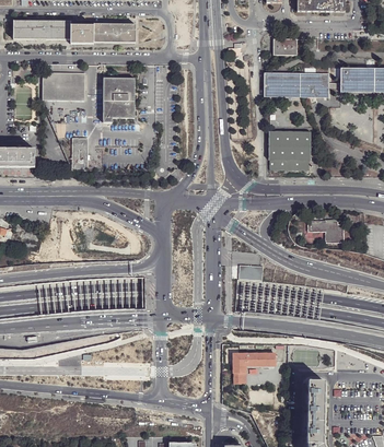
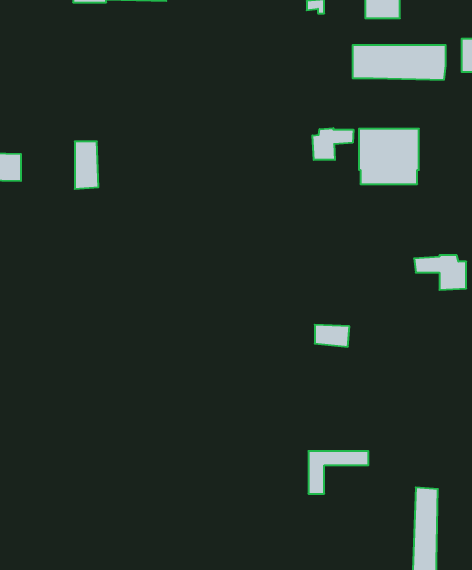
building: [43,73,85,101] -> none
building: [105,78,137,122] -> none
building: none -> [312,128,353,160]

